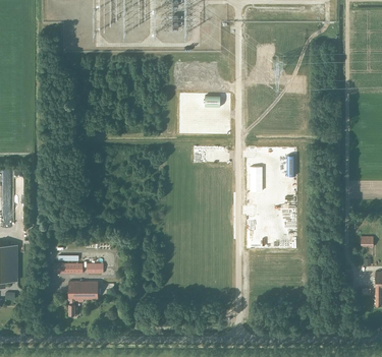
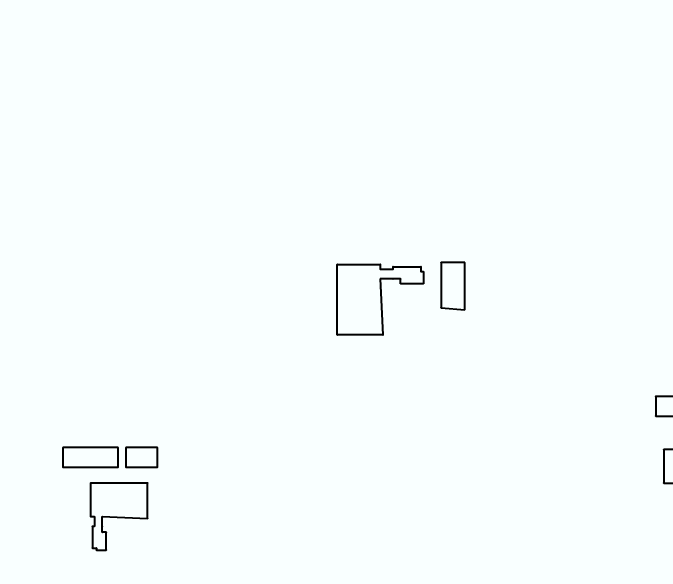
building: none -> [337,264,423,335]

